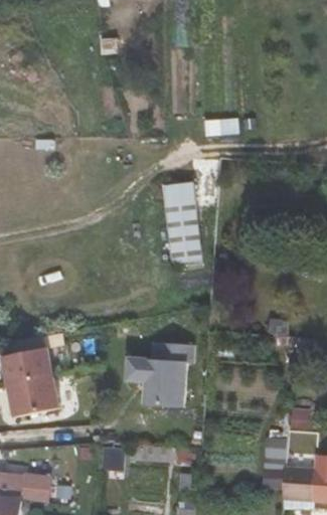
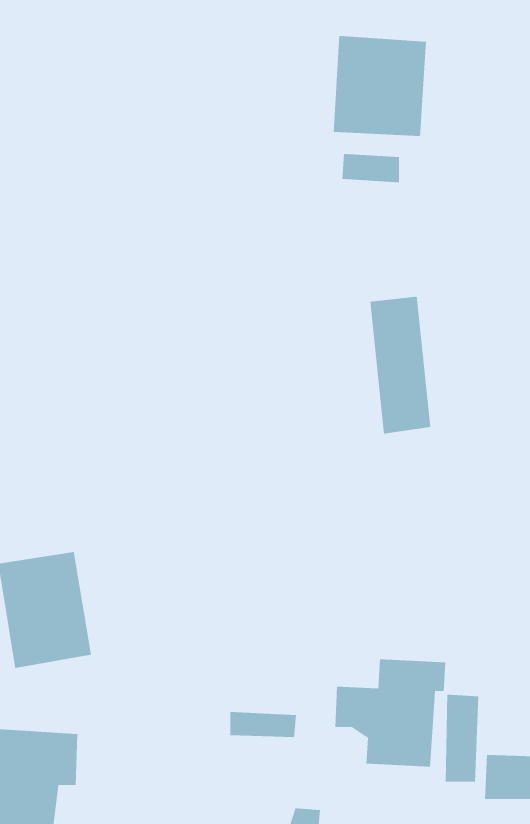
building: none -> [333,35,426,137]
building: [164,183,200,264] -> [369,296,431,434]
building: [127,343,192,406] -> [334,659,446,767]

